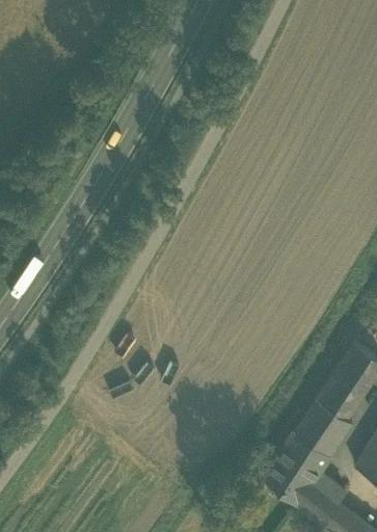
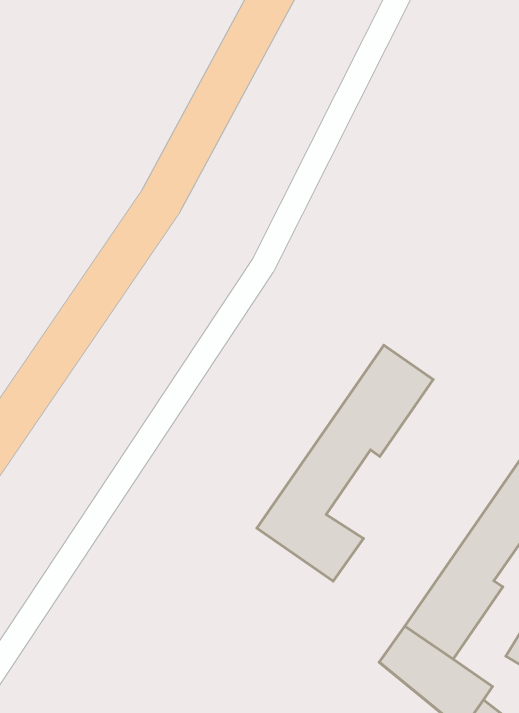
building: none -> [257,345,433,581]

